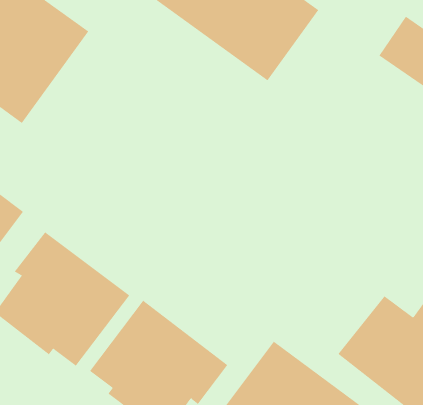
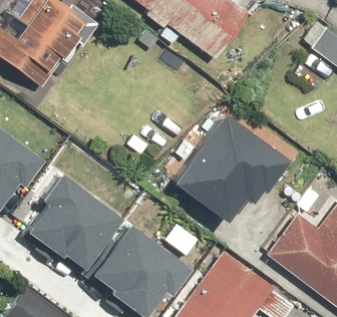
building: none -> [172,108,289,217]

